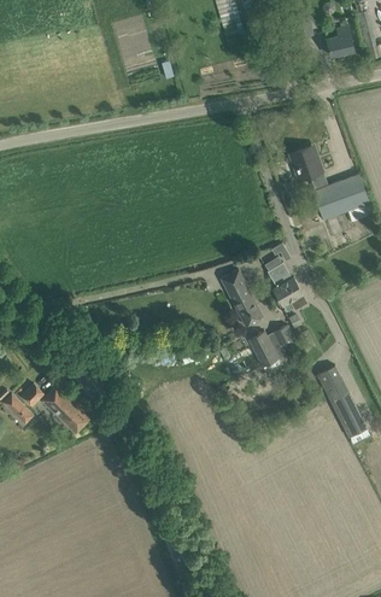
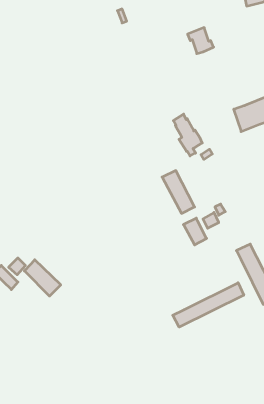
building: [289,146,323,180] -> [188,28,214,54]
building: [265,257,303,311] -> [173,114,202,156]
building: none -> [173,283,244,327]

